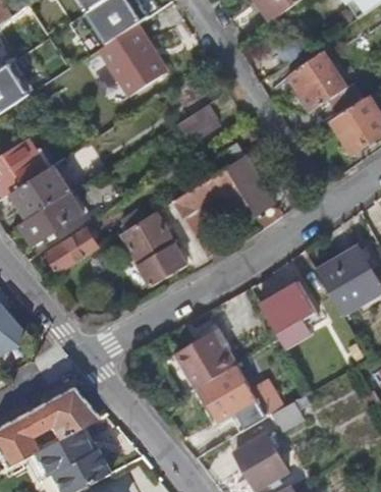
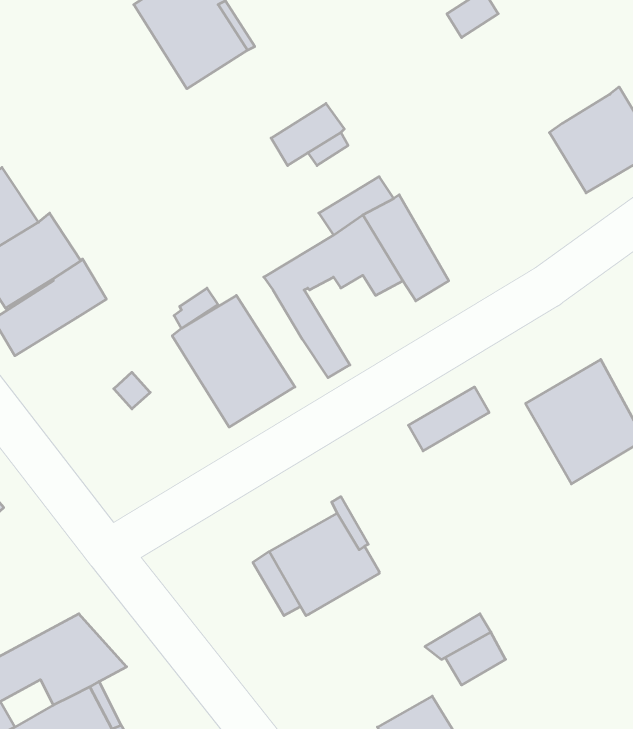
building: [288,53,365,115] -> none
building: [48,228,99,271] -> none
building: [260,282,316,348] -> none
building: [198,366,266,431] -> none

